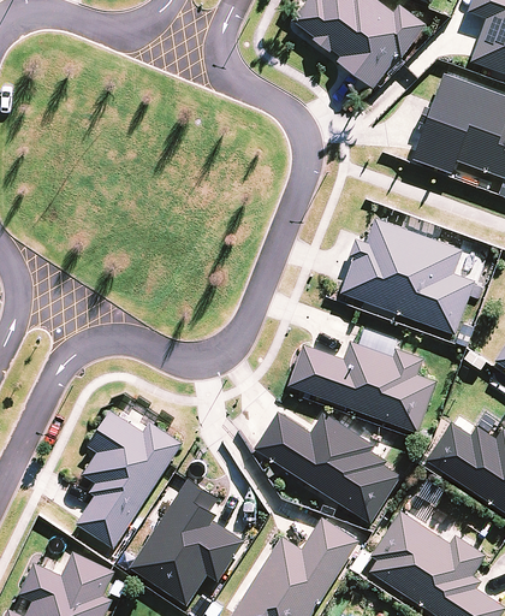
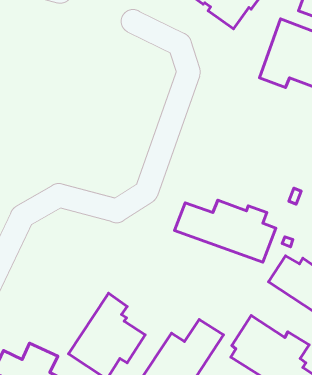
building: [339,218,474,334] -> none
building: [76,410,182,547] -> none
building: [255,411,399,522] -> none

